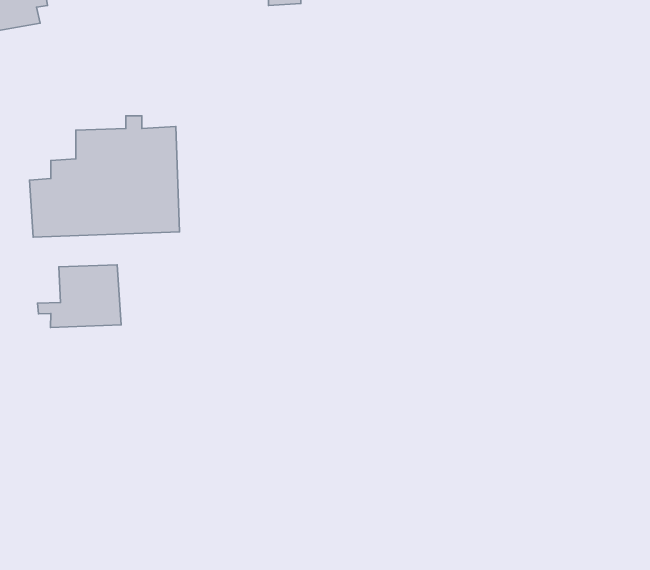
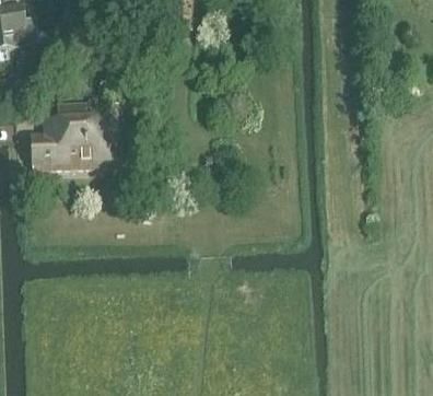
building: [38,265,121,327] -> none

